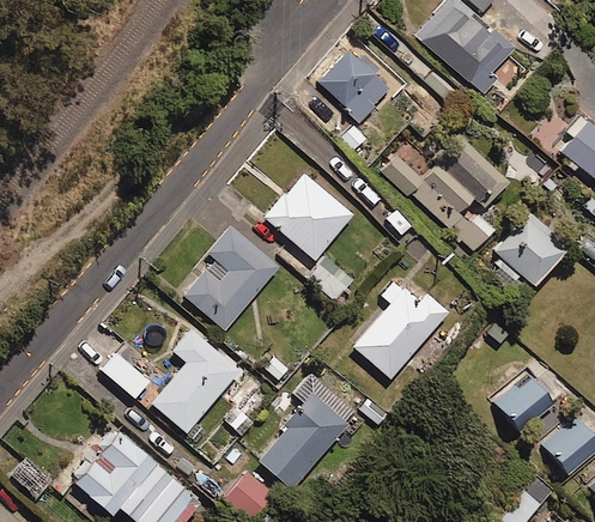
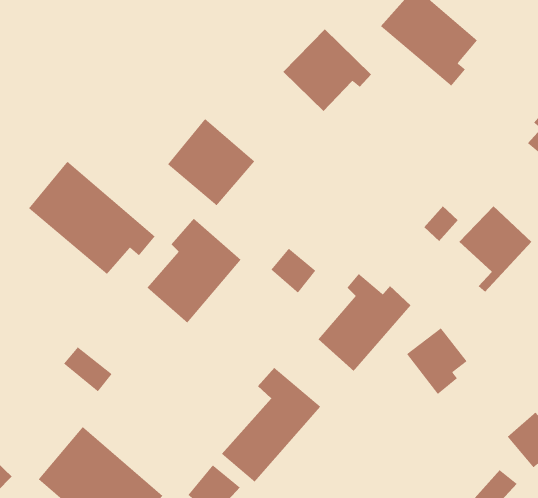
building: [382,134,508,226] -> none
building: none -> [28,161,156,275]
building: [265,172,352,260] -> [167,118,255,206]
building: [151,329,238,432] -> none
building: [492,371,553,438] -> [406,328,468,395]

